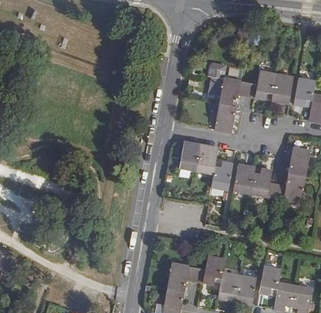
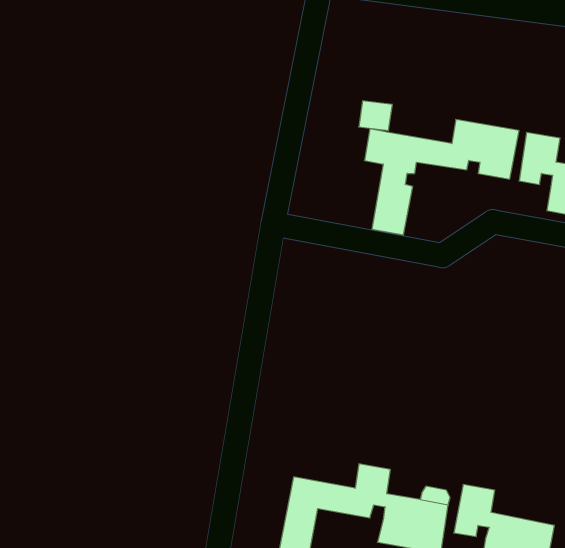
building: [181,142,234,189] -> none
building: [234,147,311,202] -> none

